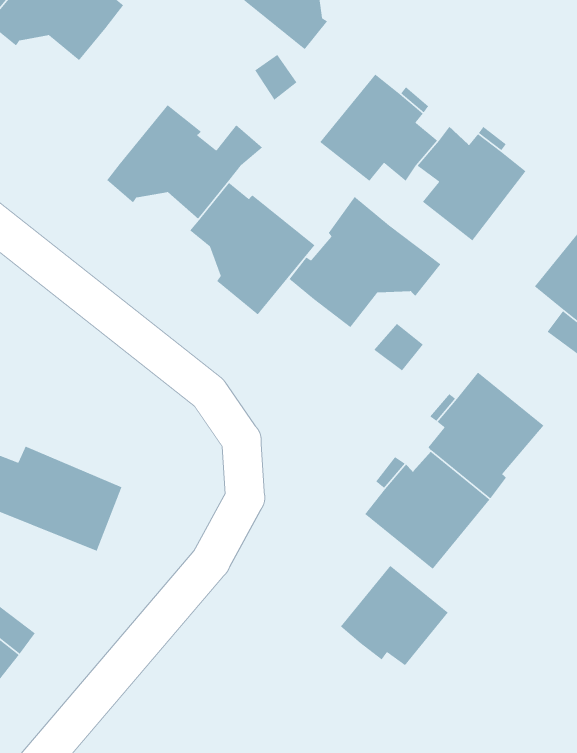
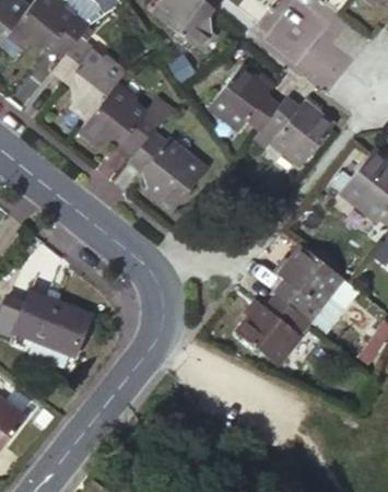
building: none -> [51,38,125,120]
building: [289,196,441,328] -> none
building: [340,565,449,666] -> none

